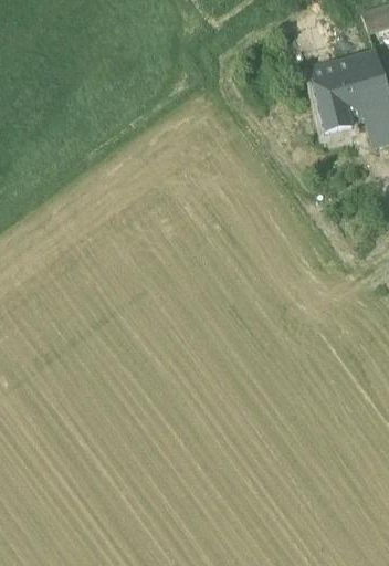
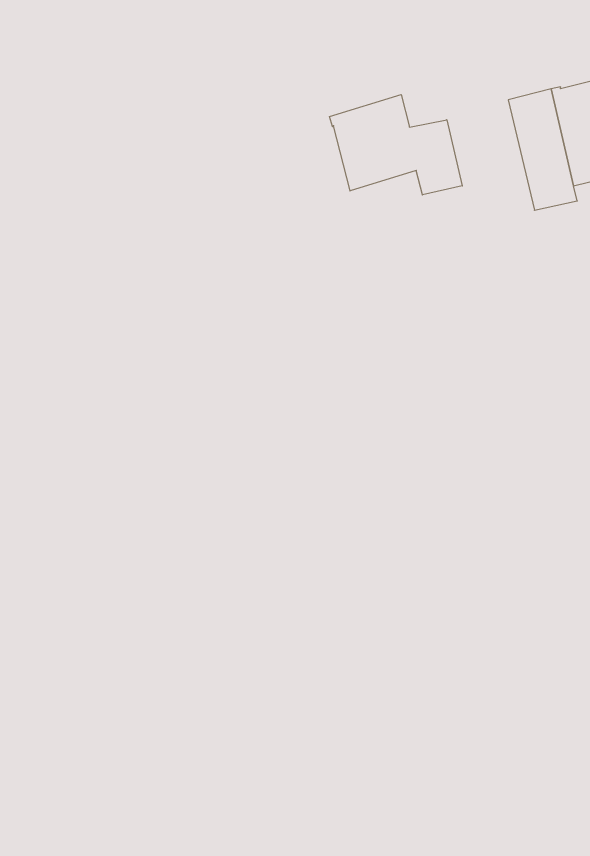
building: none -> [329,95,462,195]

